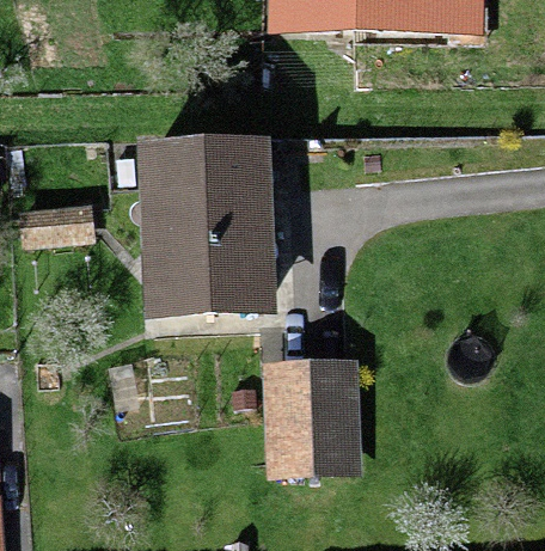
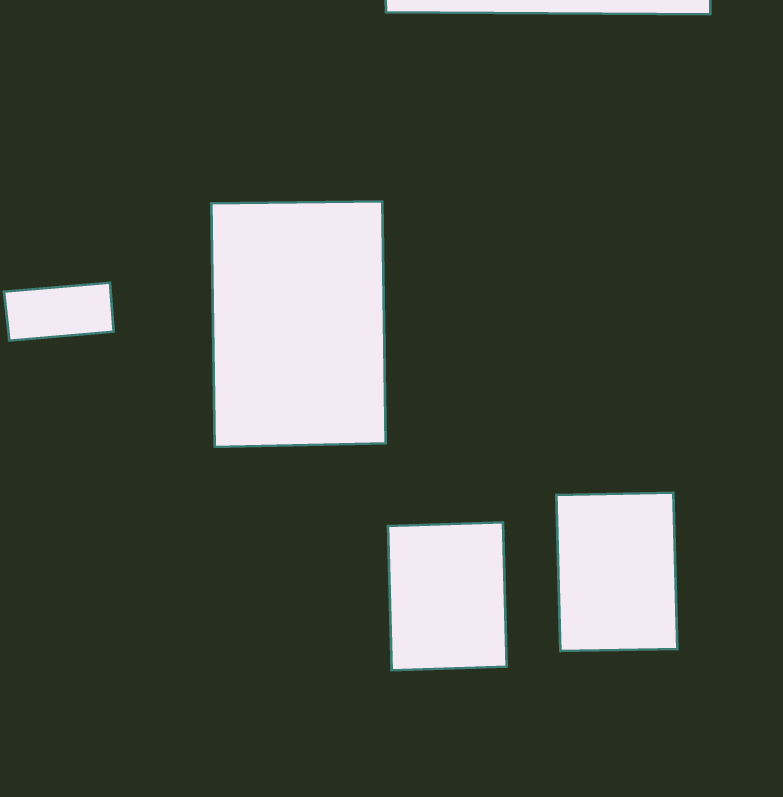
building: none -> [556,493,677,651]

